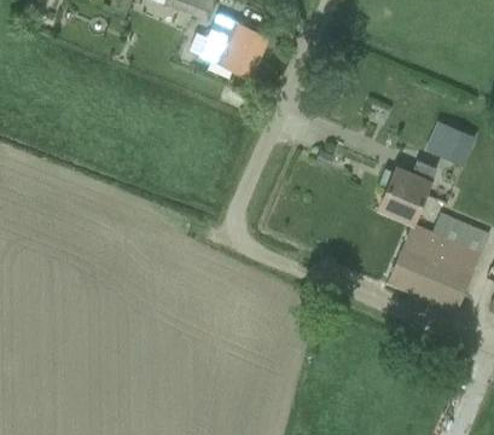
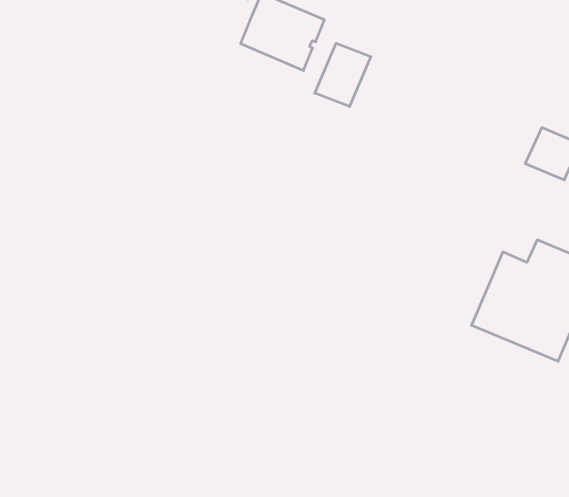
building: none -> [315,43,371,107]
building: [379,160,437,222] -> none

